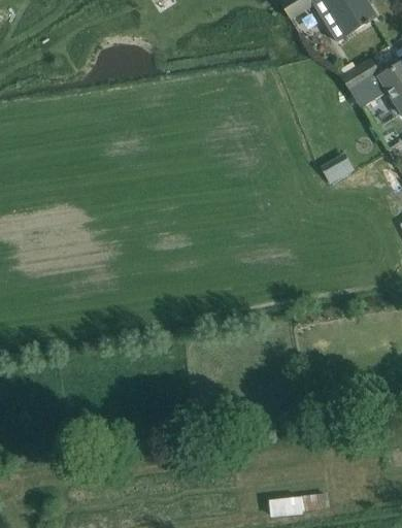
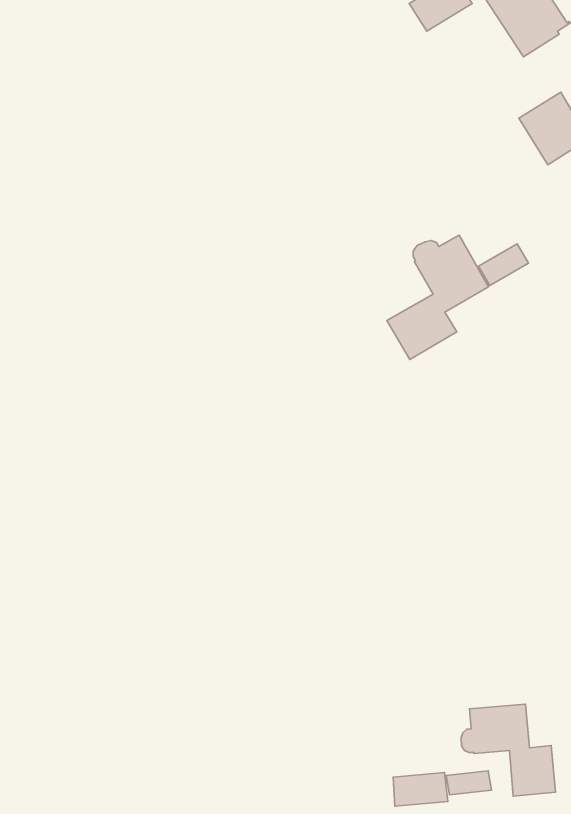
building: none -> [387,235,489,360]
building: none -> [461,704,556,796]

